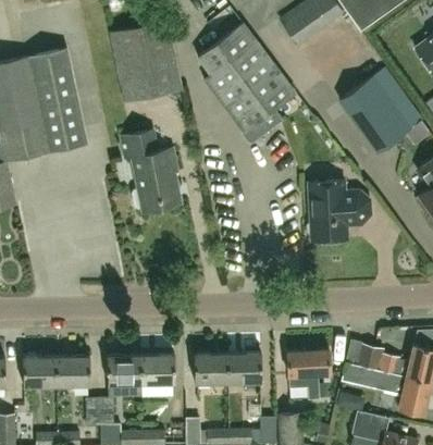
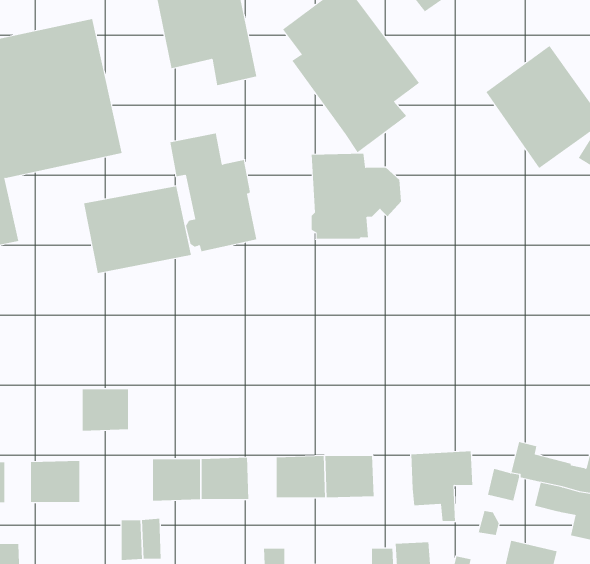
building: none -> [84,185,192,274]
building: [308,181,371,240] -> [311,153,402,239]
building: [58,356,90,385] -> [82,389,129,431]

